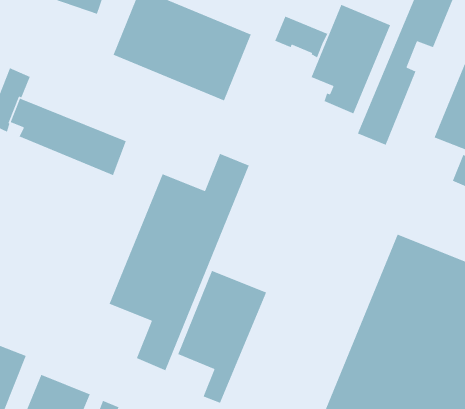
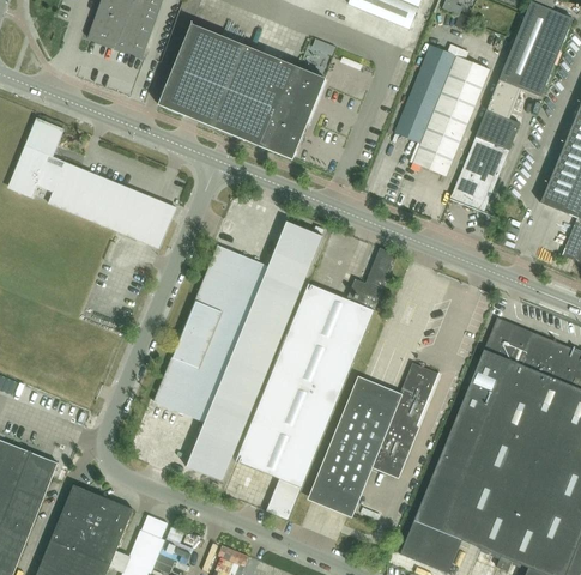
building: [274,15,328,59] -> none
building: none -> [277,247,397,386]
building: none -> [311,365,440,512]

